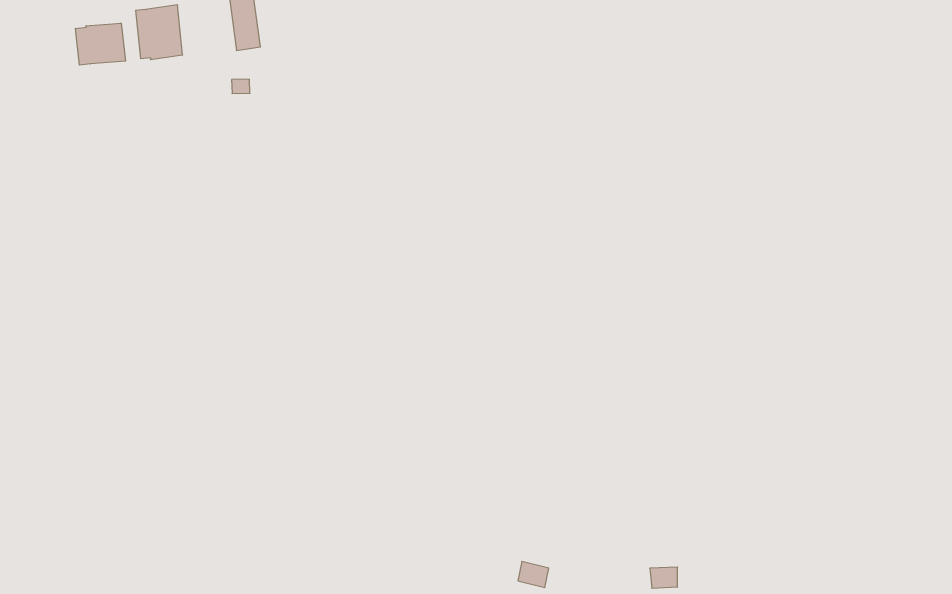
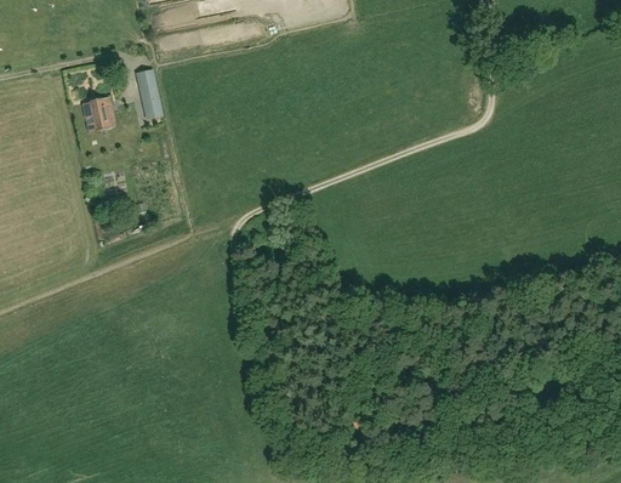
building: [76,23,126,65] -> none

